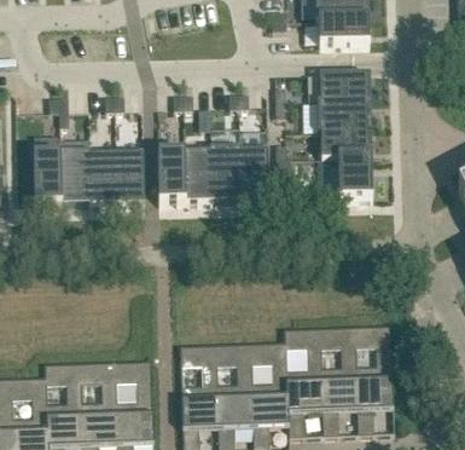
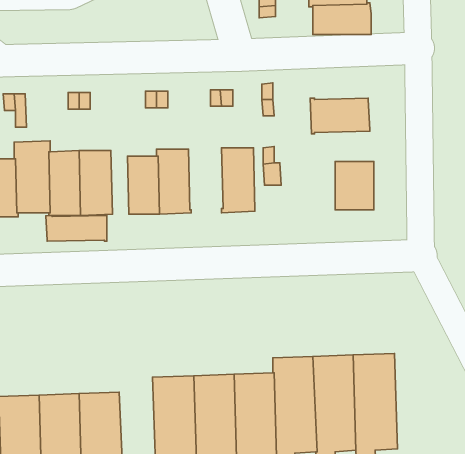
building: [319,71,371,100] -> none
building: [320,127,372,157] -> none
building: [209,140,240,197] -> none
building: none -> [46,215,107,241]

